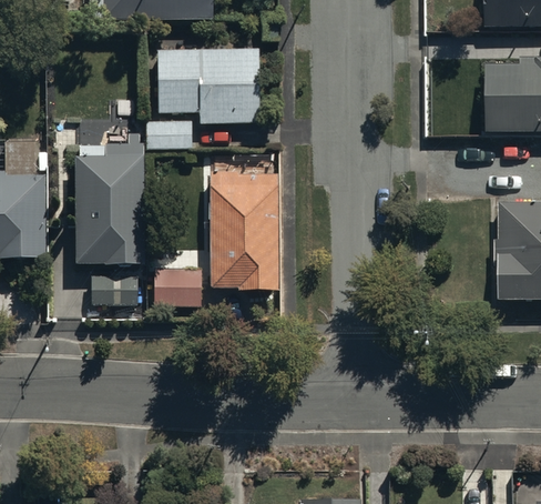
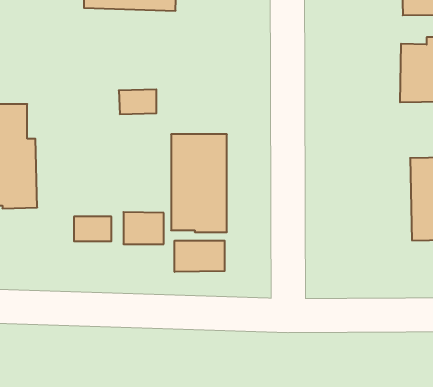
building: [159,50,258,123] -> none
building: [75,132,146,269] -> none
building: none -> [175,241,225,272]

